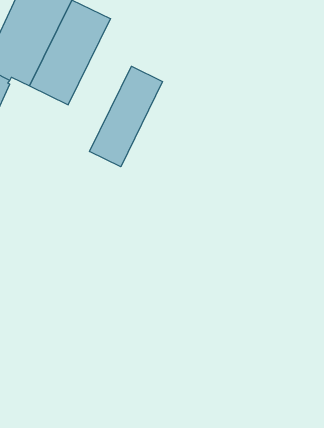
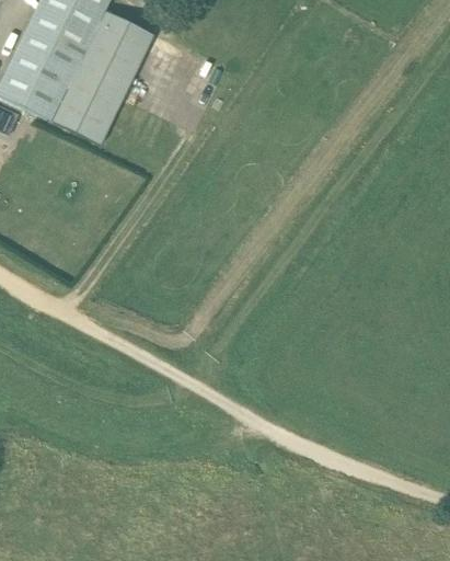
building: [90,66,163,167] -> none

